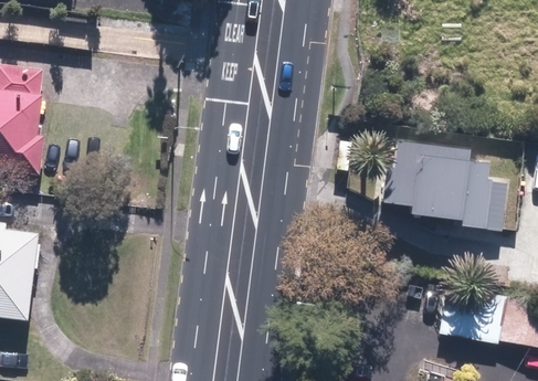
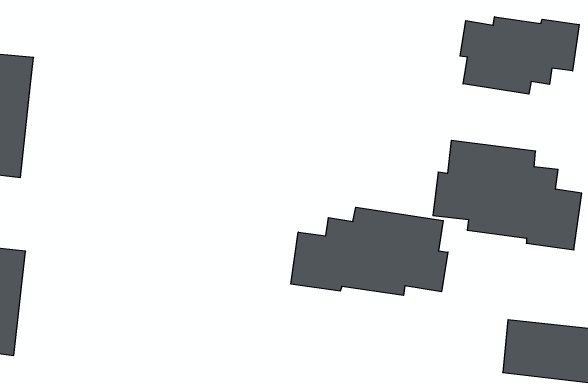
building: none -> [460,17,579,94]
building: none -> [291,207,448,295]

